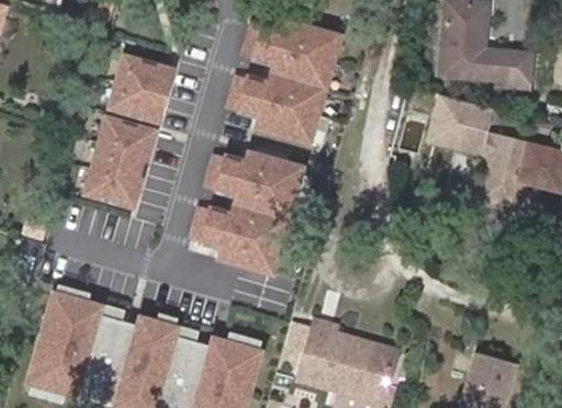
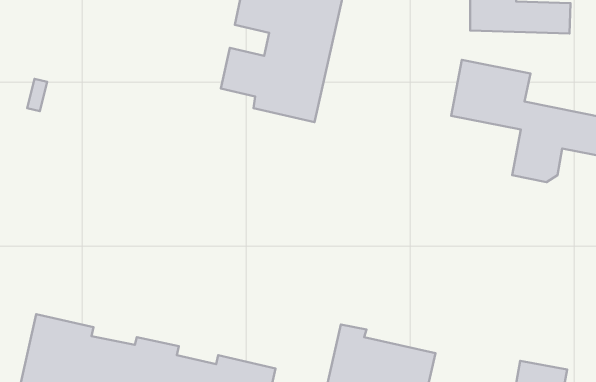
building: [109,57,170,121] -> none
building: [85,120,153,208] -> none
building: [189,151,300,271] -> none

